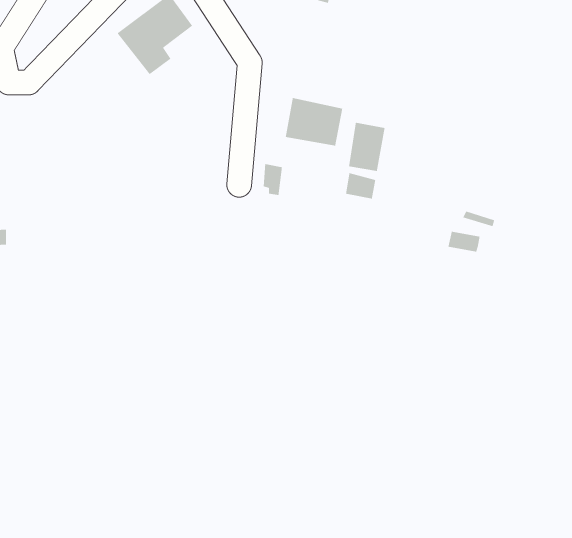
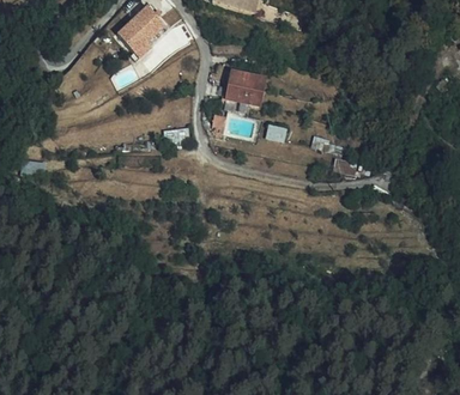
building: [348,122,386,172] -> none

